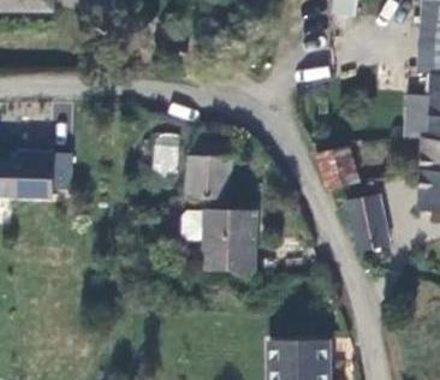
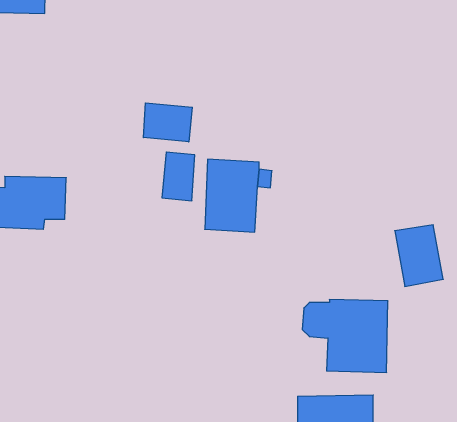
building: none -> [143,103,192,142]
building: [315,143,356,191] -> none
building: [179,208,251,269] -> [302,300,388,372]

